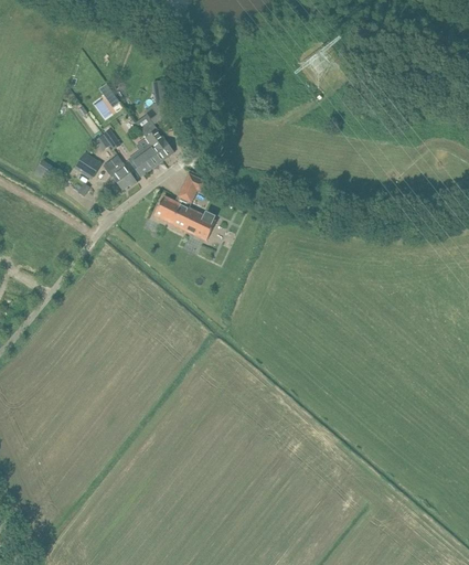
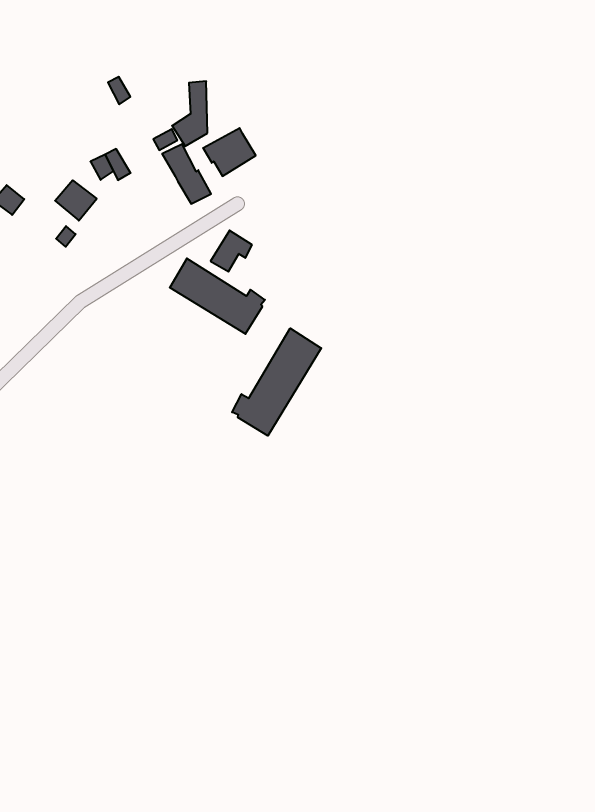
building: [128,142,162,174] -> [203,128,256,176]
building: [103,153,137,189] -> none
building: none -> [232,328,321,436]

